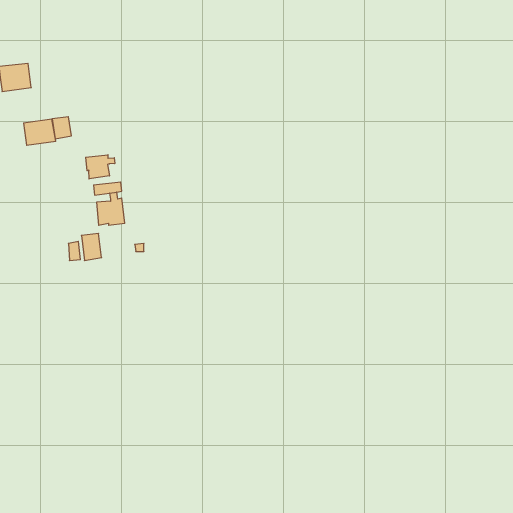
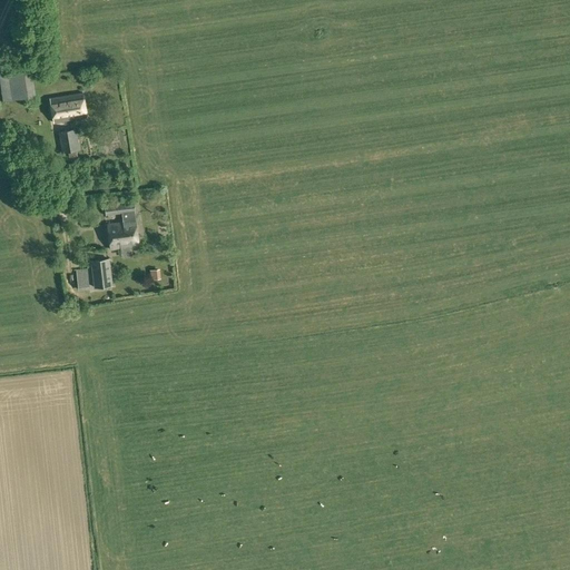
building: [24,119,56,145] -> [50,95,86,124]
building: [86,155,115,179] -> none

